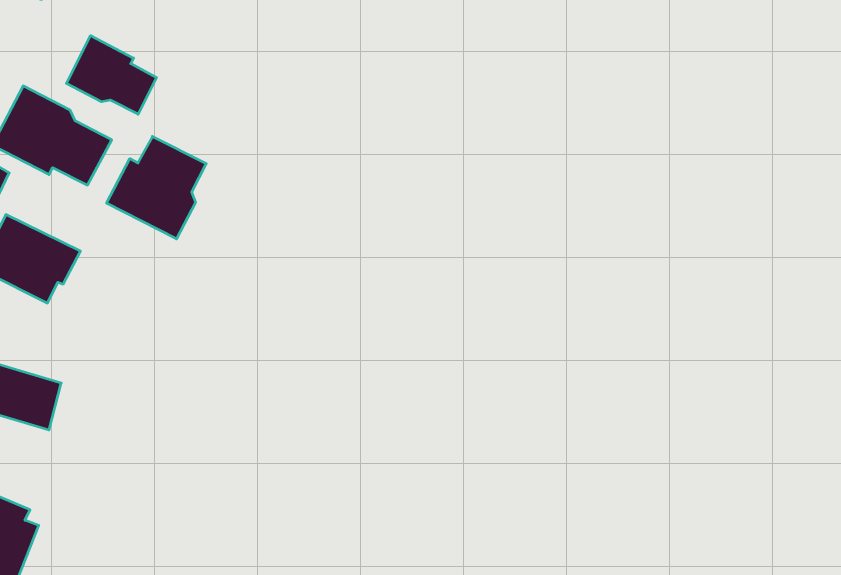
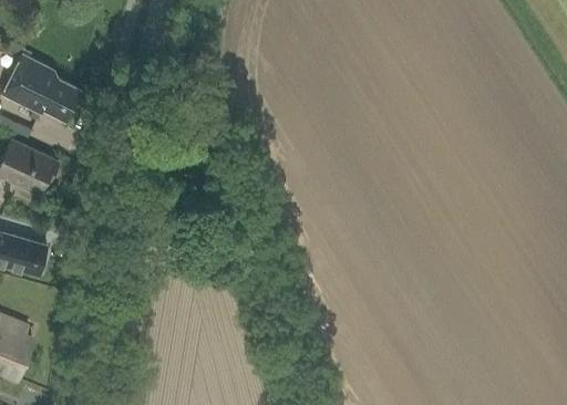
building: [66,36,156,114] -> none
building: [107,136,206,239] -> none

